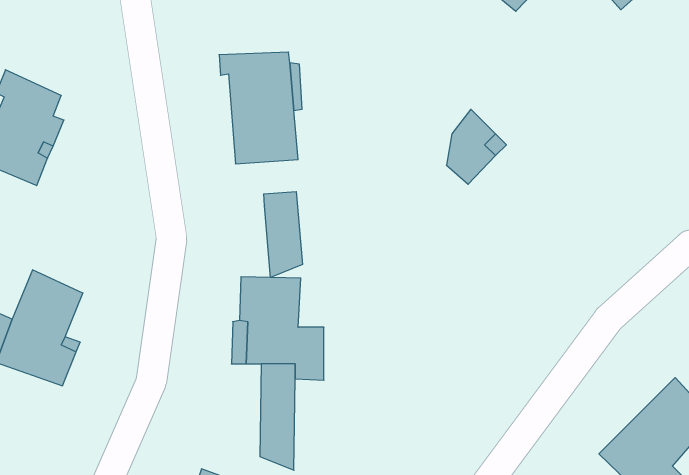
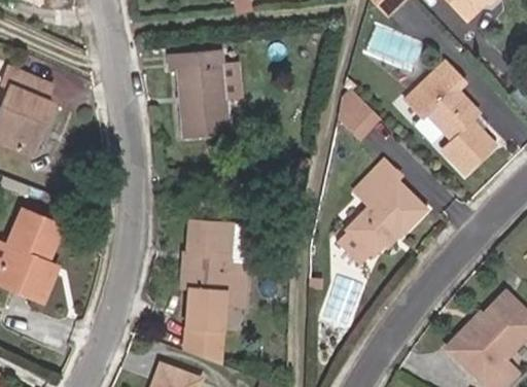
building: none -> [410,62,498,172]
building: [264,192,302,277] -> none
building: none -> [345,167,428,262]

